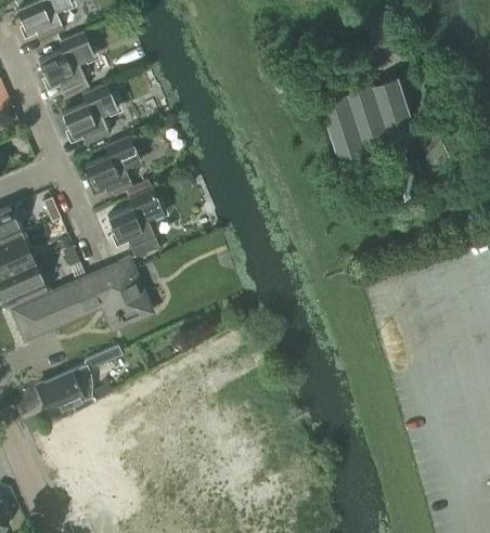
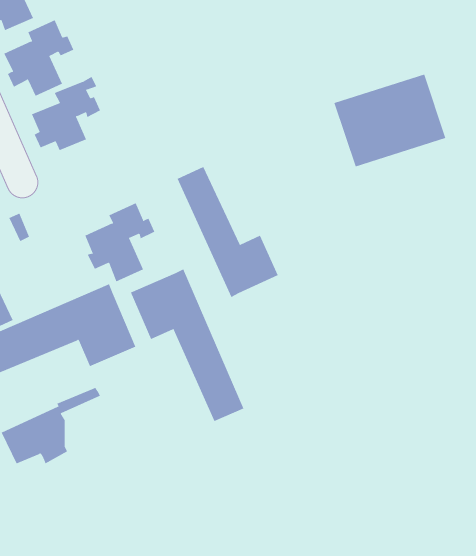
building: [85,135,144,196] -> none
building: none -> [177,166,279,298]
building: none -> [130,268,244,422]

